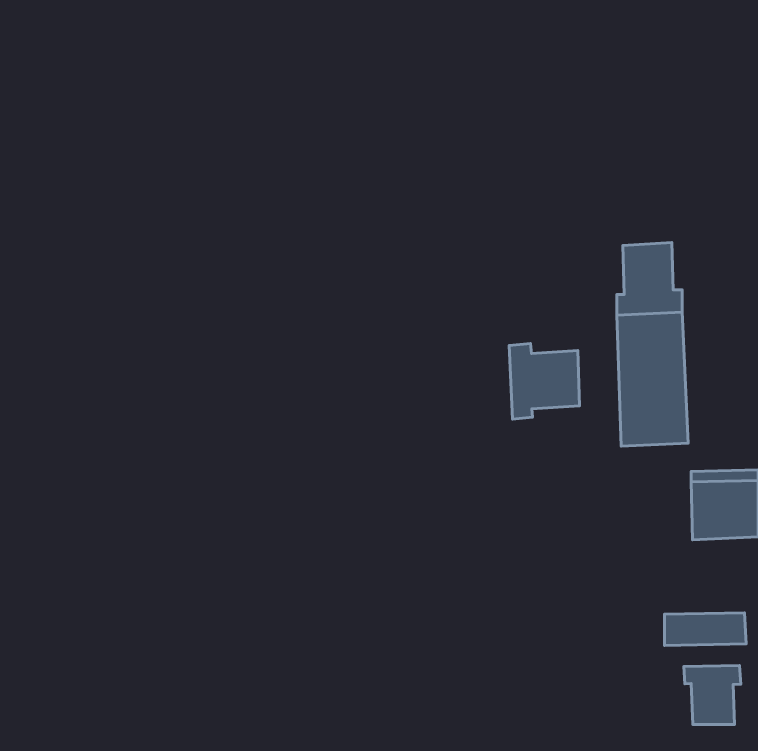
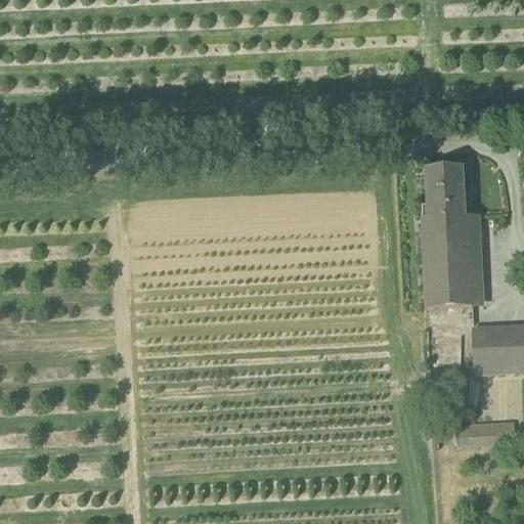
building: [509,343,580,419] -> none
building: [684,665,741,725] -> none

